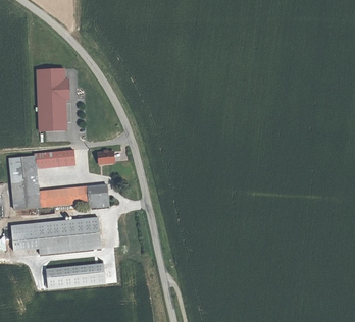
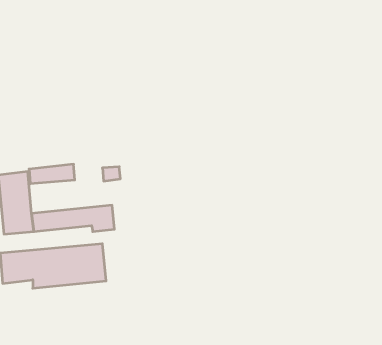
building: [37,69,69,131] -> none
building: [45,264,103,290] -> none

